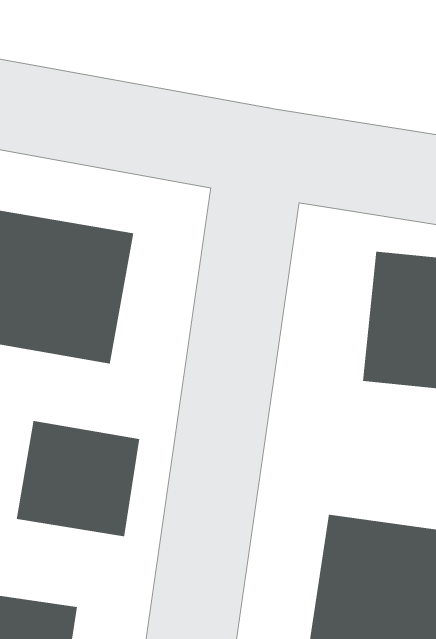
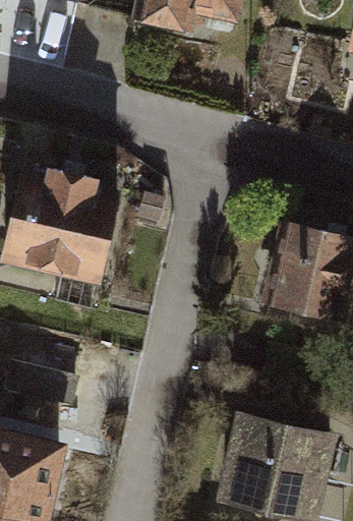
building: [16,420,140,537] -> none

